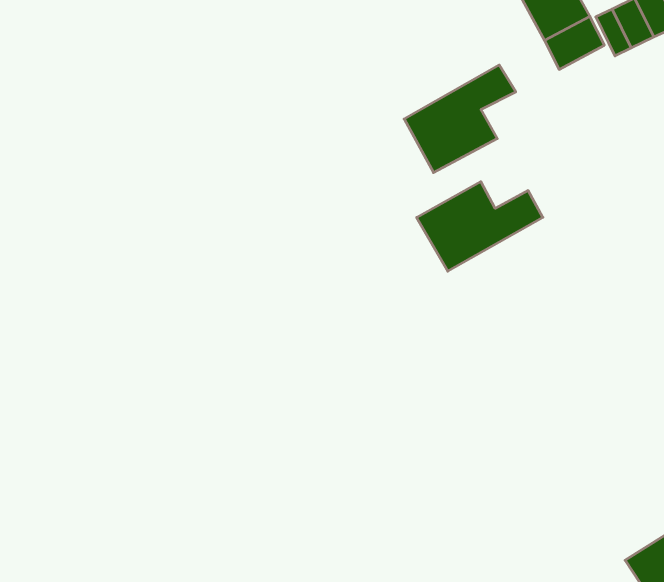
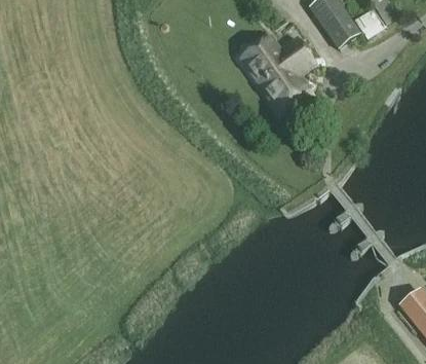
building: [417,182,543,271] -> [238,33,305,82]

